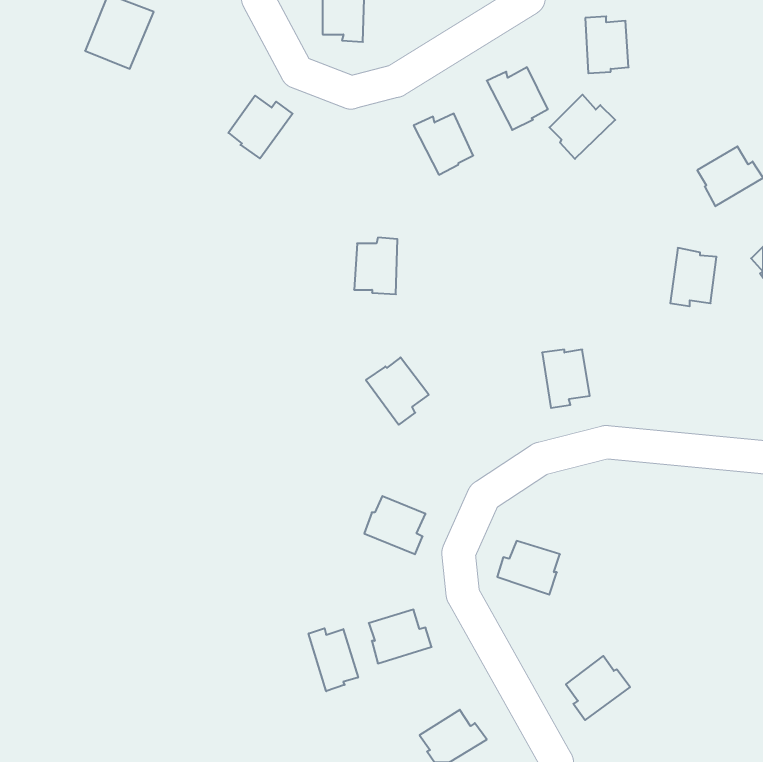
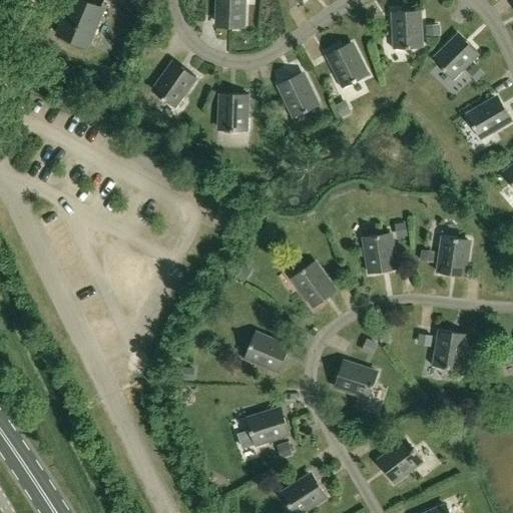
building: [549,95,615,159] -> [435,36,479,79]
building: [354,238,397,294] -> [218,93,247,131]
building: [670,248,717,306] -> [438,235,469,275]
building: [366,357,429,425] -> [292,263,334,308]
building: none -> [434,330,466,369]
building: [309,628,358,691] -> none

